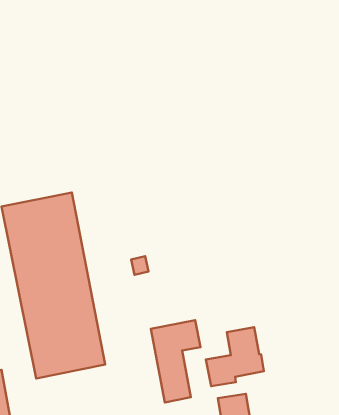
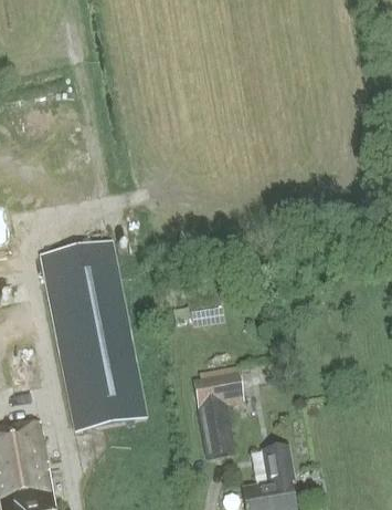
building: [206,327,264,386] -> none

